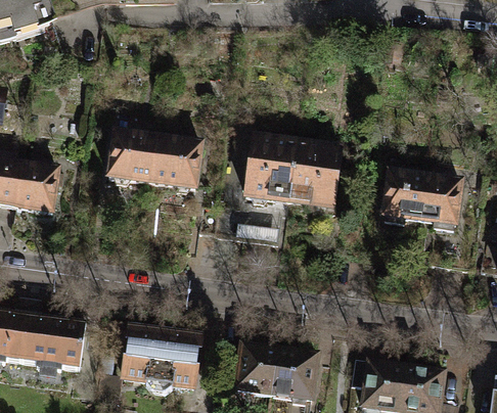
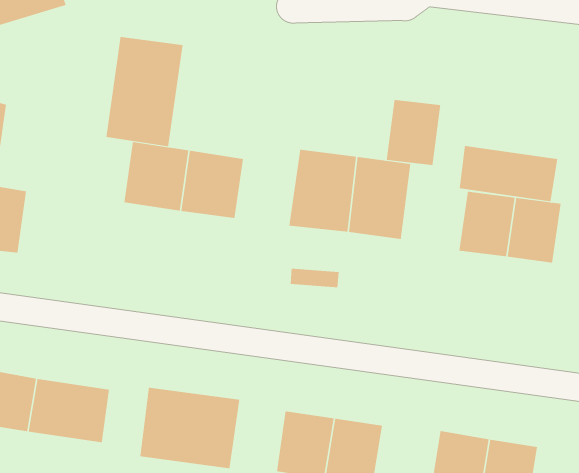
building: none -> [106,36,183,147]
building: none -> [386,99,441,166]
building: none -> [459,145,558,202]
building: [18,165,63,221] -> none

